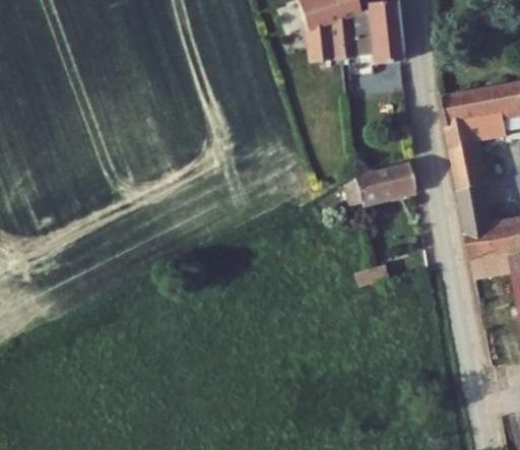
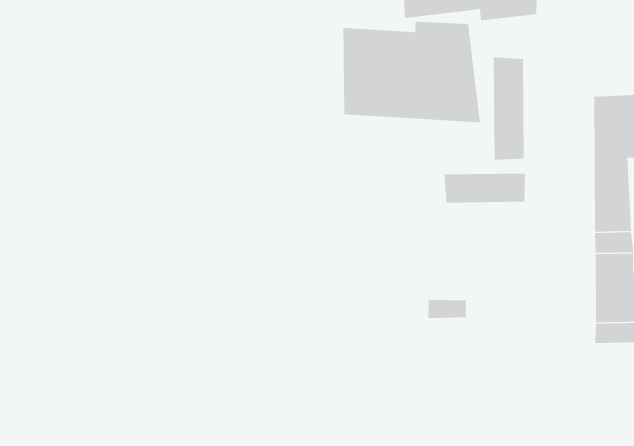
building: none -> [342,21,481,123]
building: none -> [493,56,524,160]

